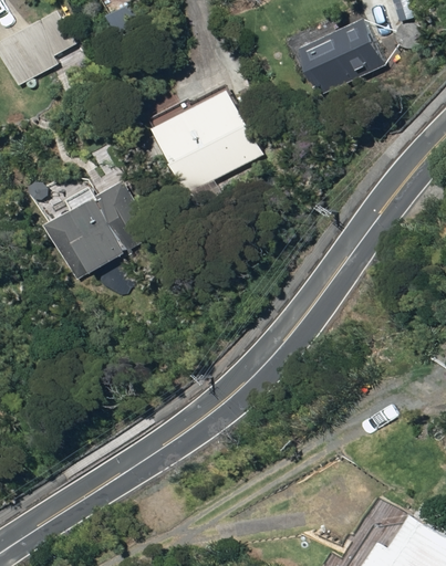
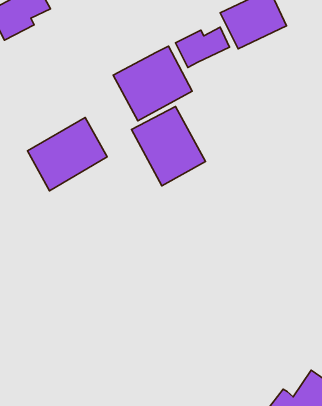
building: none -> [176,27,230,67]
building: none -> [131,107,205,186]

